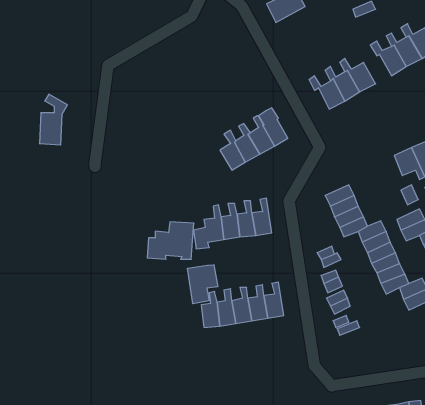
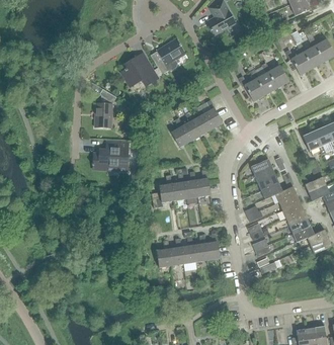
building: none -> [155,36,184,73]
building: none -> [120,54,157,85]
building: [39,94,67,145] -> [94,88,115,126]
building: [147,222,194,259] -> [92,141,128,169]
building: [188,265,218,304] -> none

